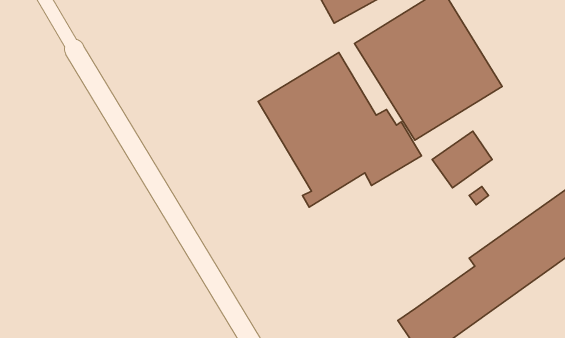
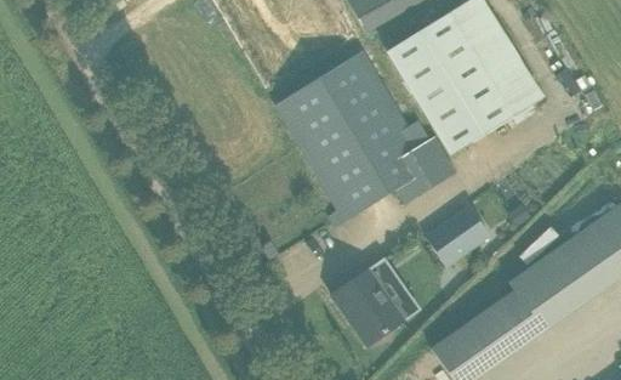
building: [432,131,492,188] -> [425,205,489,266]
building: none -> [332,257,420,344]

